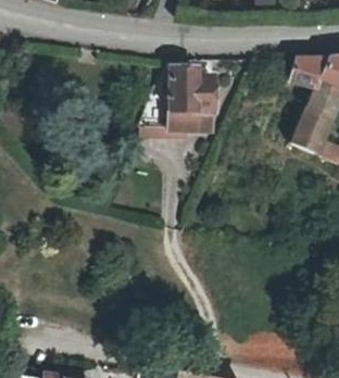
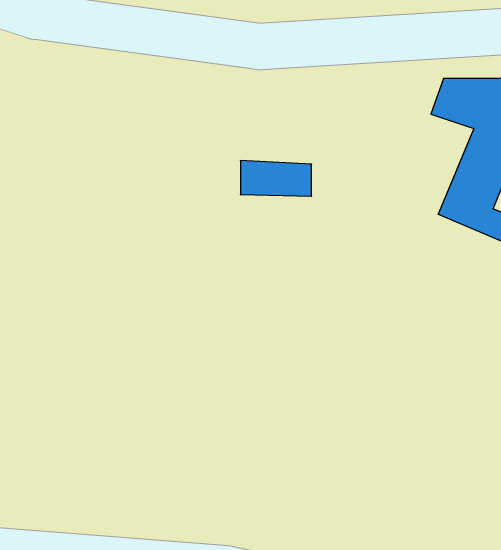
building: [170,68,214,112] -> none

